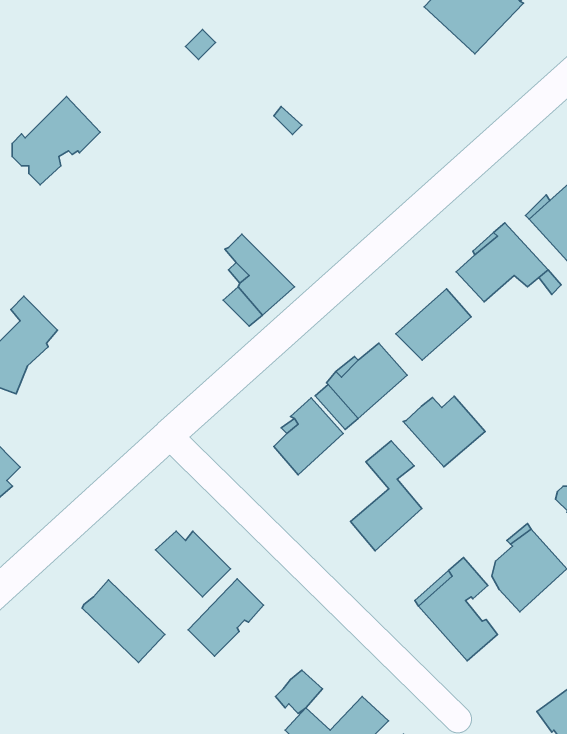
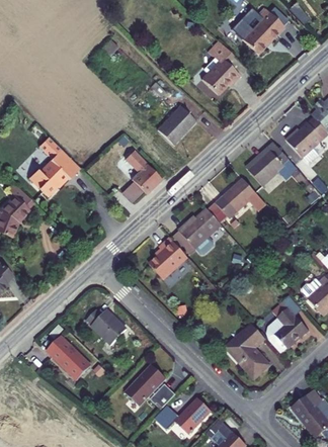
building: none -> [201,40,240,94]
building: [12,96,100,185] -> [31,148,79,195]
building: none -> [157,105,194,143]
building: [403,396,485,467] -> none
building: [351,441,422,551] -> none
building: [188,579,263,656] -> [126,364,166,406]

